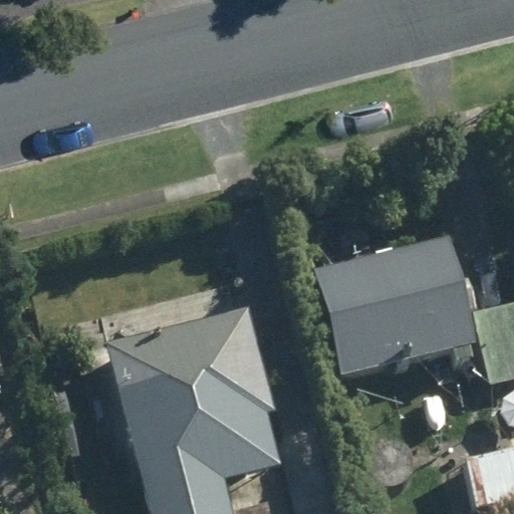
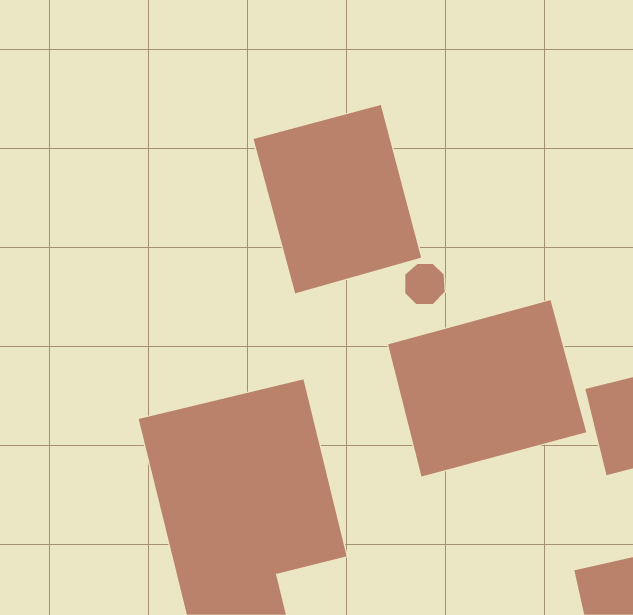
building: none -> [253,104,422,294]

